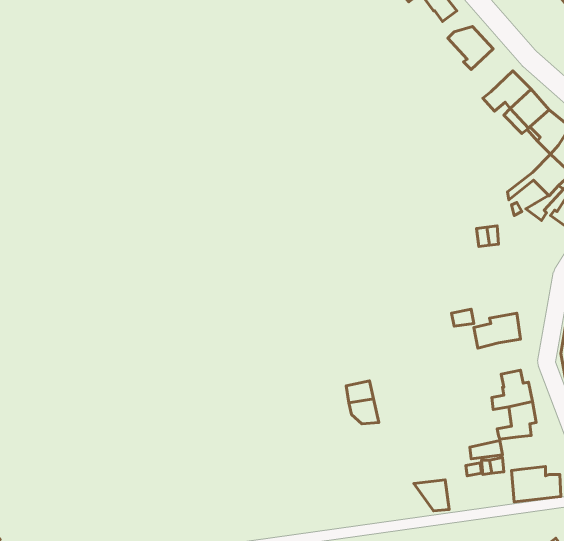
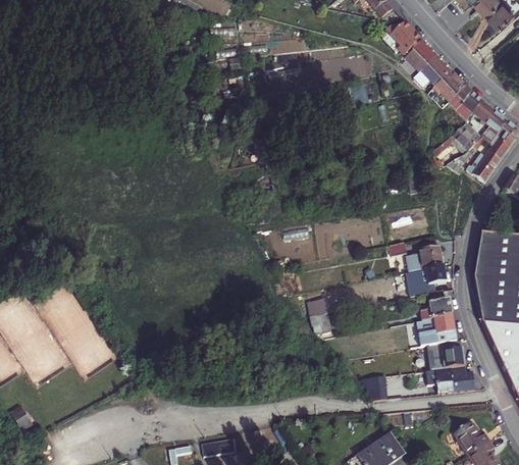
building: none -> [407,41,436,72]
building: none -> [418,266,448,295]
building: none -> [440,340,464,368]

